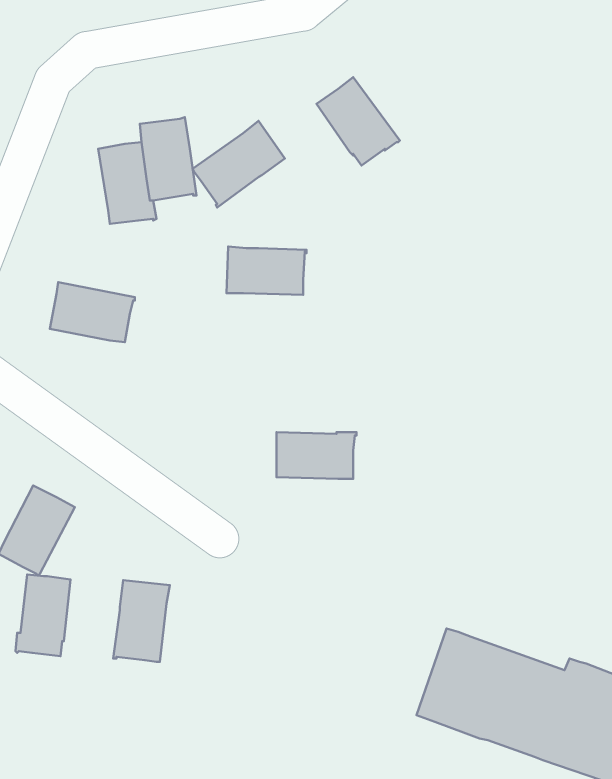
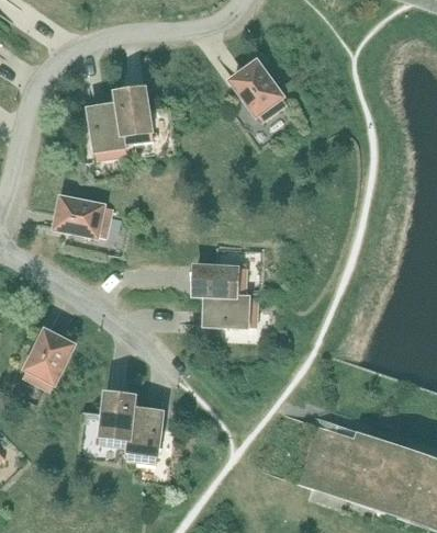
building: [193,121,285,208] -> none
building: [227,246,307,295] -> [193,264,246,296]
building: [15,574,70,656] -> [124,408,160,462]

